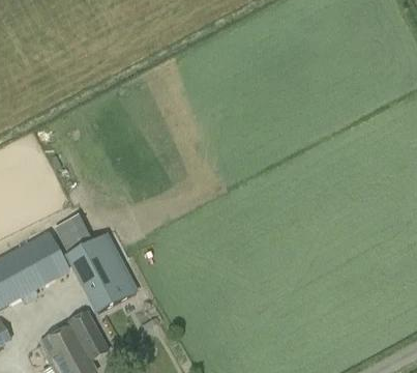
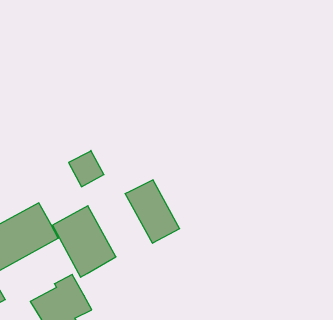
building: none -> [125,180,180,243]
building: [54,211,93,252] -> [69,150,104,187]

